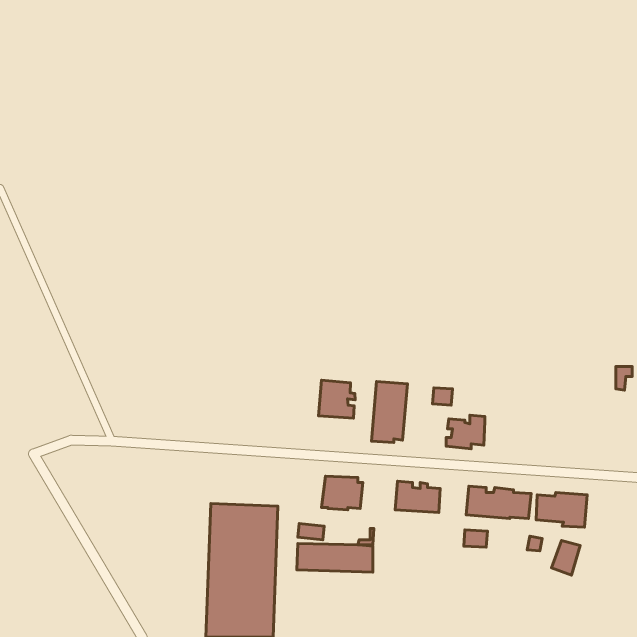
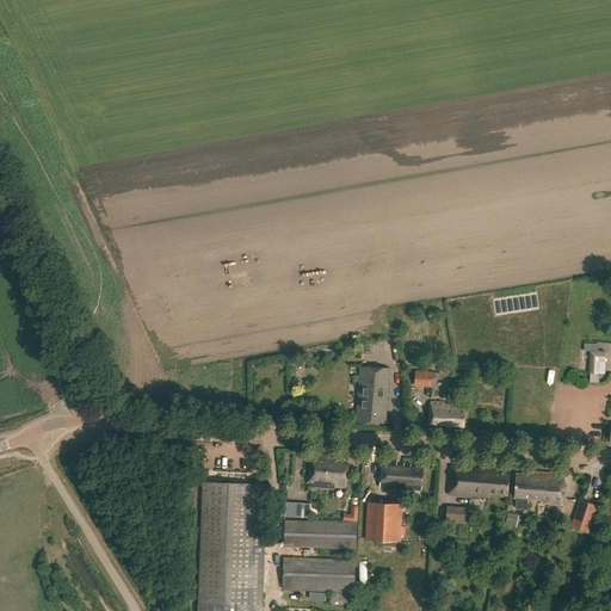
building: [319,380,355,418] -> none
building: none -> [365,501,402,541]
building: [551,540,580,575] -> [570,501,598,535]
building: none -> [283,557,356,592]

